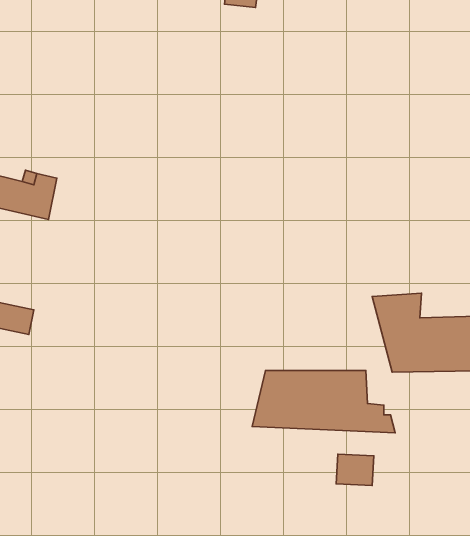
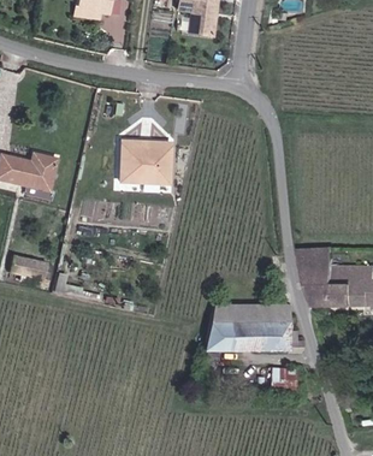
building: none -> [128,138,178,182]

